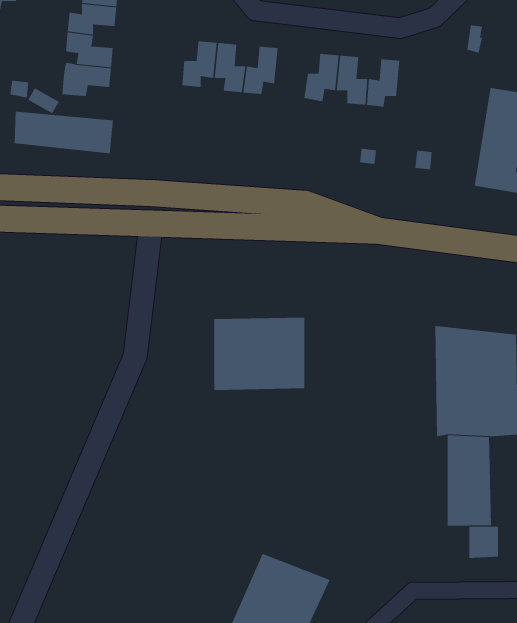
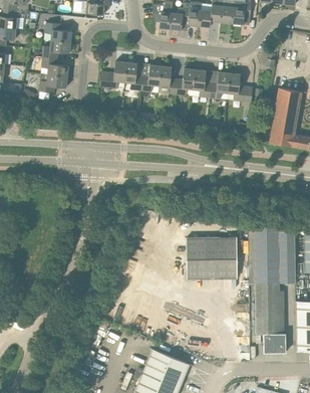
building: none -> [158,65,177,93]
building: none -> [227,72,252,103]
building: [14,111,113,154] -> none
building: [214,317,305,390] -> [186,237,237,278]

